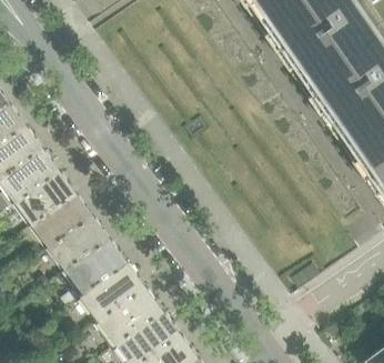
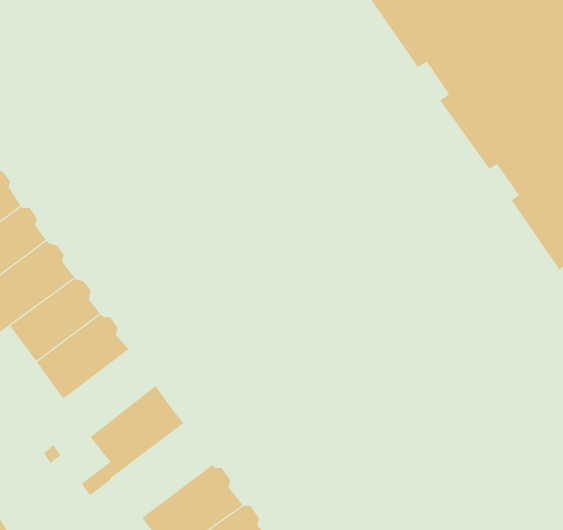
building: [50,218,108,272] -> none
building: [80,262,143,322] -> none

